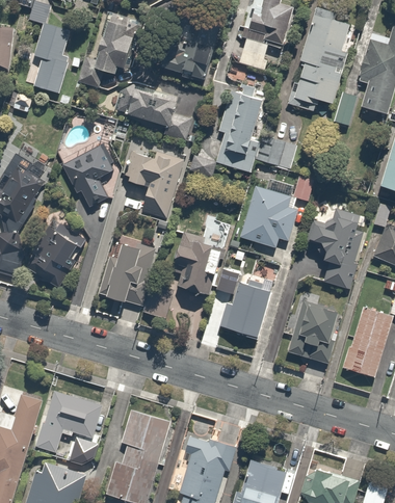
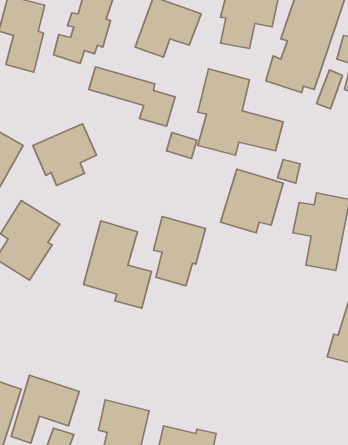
building: [125,147,182,215] -> none
building: [216,267,271,336] -> none
building: [284,299,345,363] -> none

